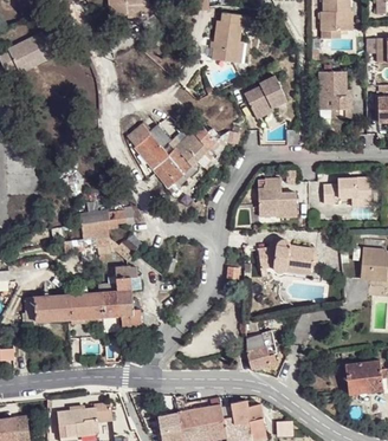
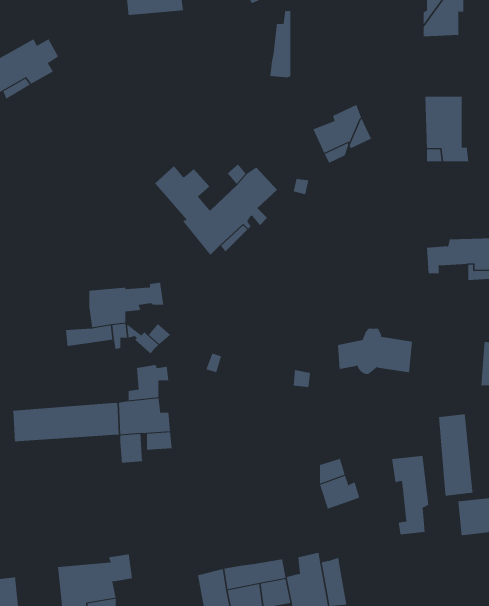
building: [222,12,248,61] -> none
building: [256,181,296,221] -> none
building: none -> [438,413,473,496]
building: none -> [392,455,429,535]

